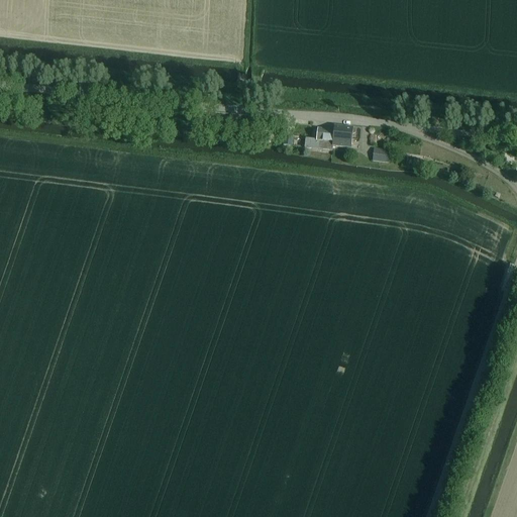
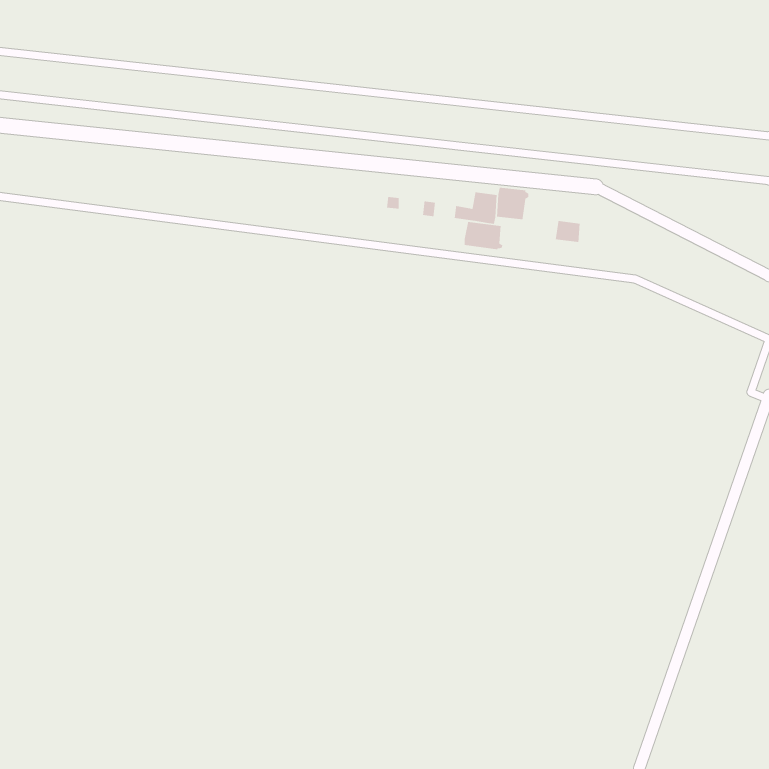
building: none -> [464,221,503,250]

